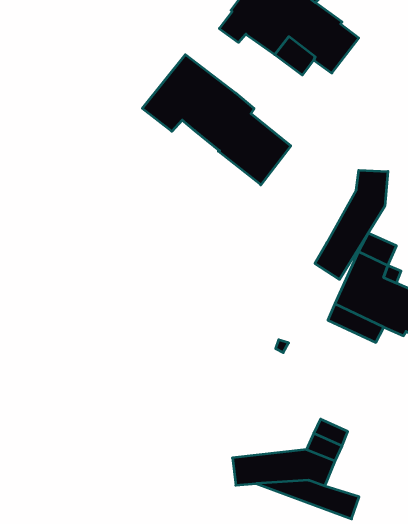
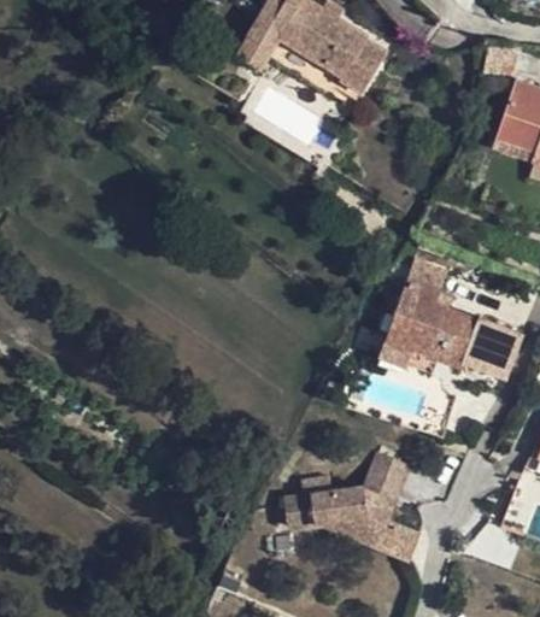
building: [142,55,291,185] -> none
building: [315,170,388,279] -> none

